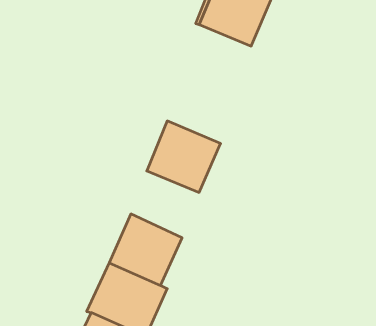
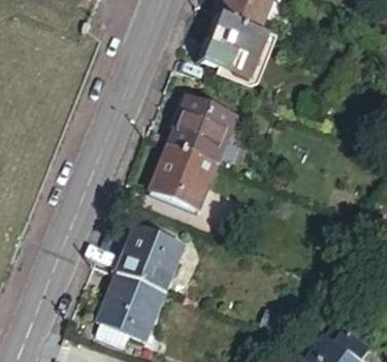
building: none -> [169,95,237,162]

